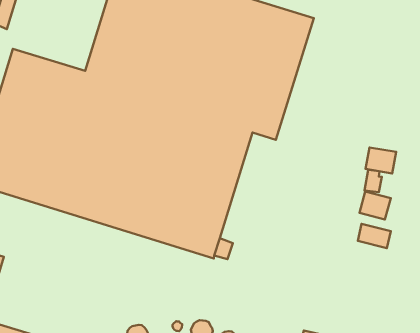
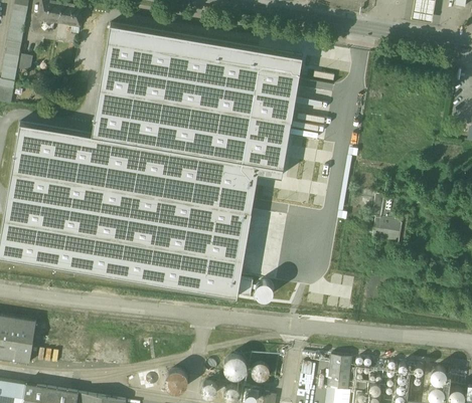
building: [366,148,396,173] -> none
building: [358,224,391,248] -> none

